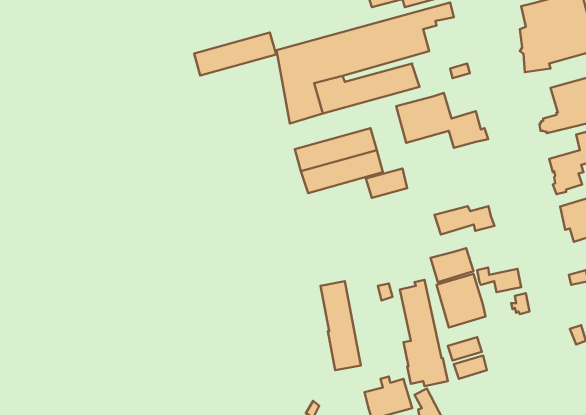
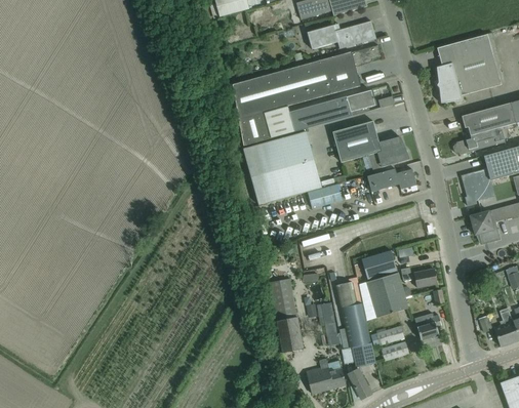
building: [194,33,276,75] -> [242,131,311,167]
building: none -> [346,89,374,115]
building: [435,206,495,234] -> [366,168,416,192]
building: none -> [316,301,341,344]
building: none -> [414,313,440,339]

